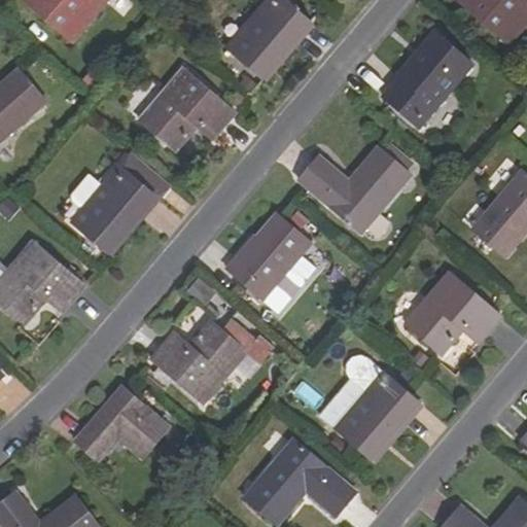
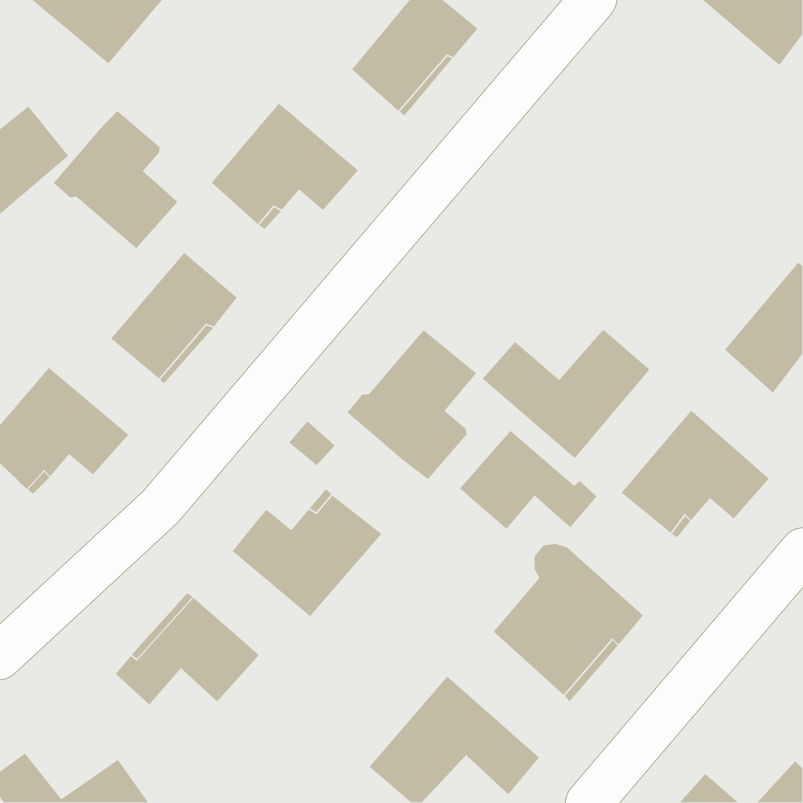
building: [384,33,472,128] -> none
building: none -> [53,110,178,249]
building: [298,147,409,233] -> [482,329,650,459]
building: none -> [459,430,597,530]

